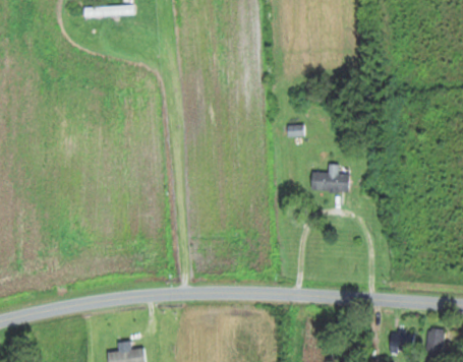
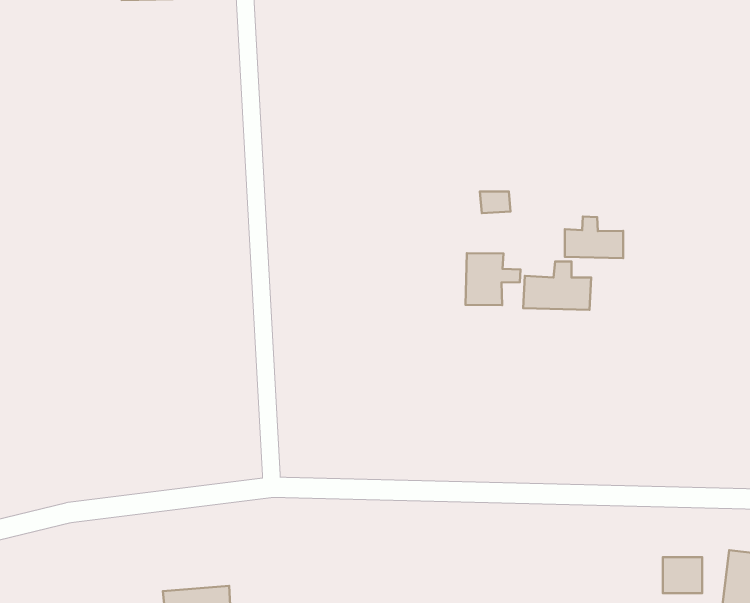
building: none -> [565,217,623,258]
building: none -> [466,253,521,305]

